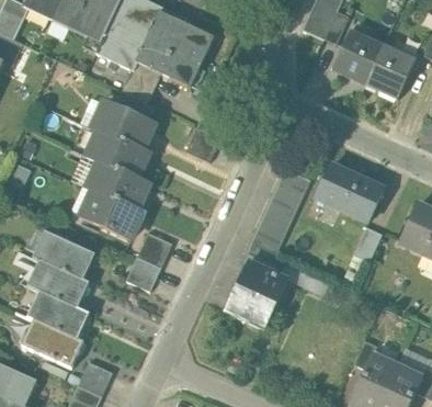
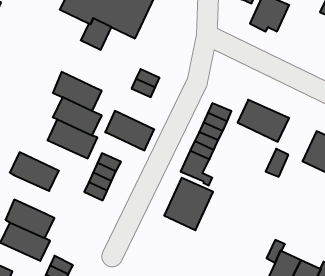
building: [367,46,414,99] -> none
building: [92,101,154,150] -> [105,111,154,150]
building: [27,259,89,307] -> none

